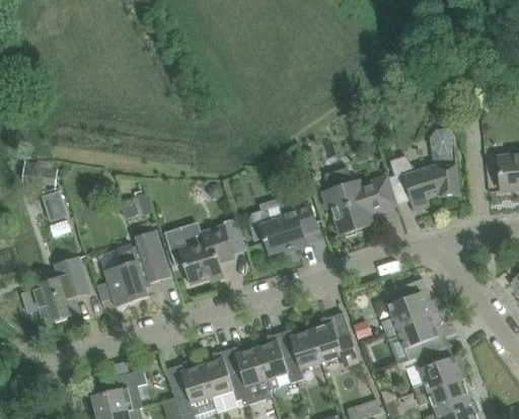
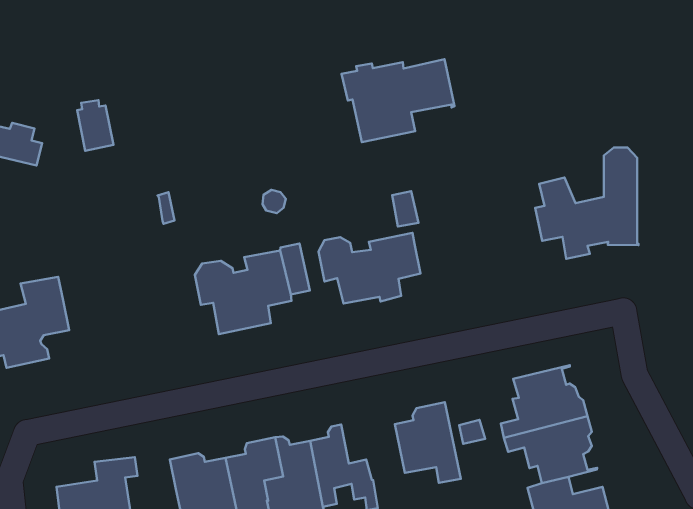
building: [320,173,397,234] -> [342,59,455,142]
building: [42,188,68,222] -> [77,100,113,151]
building: [103,230,169,306] -> none
building: [276,328,321,368] -> none

